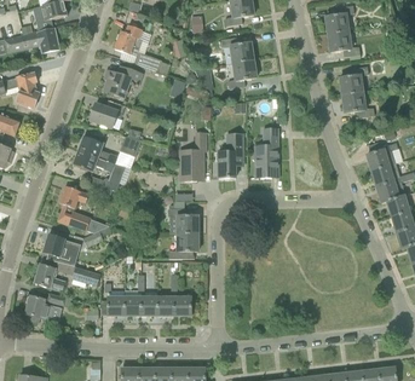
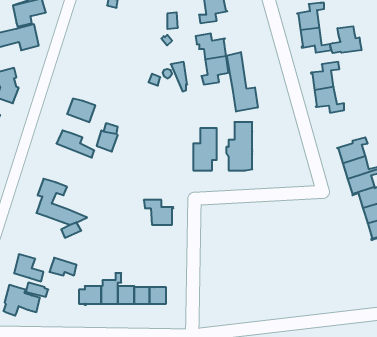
building: [115,24,162,70] -> none
building: none -> [330,26,361,53]
building: none -> [227,52,258,112]
building: [104,67,143,97] -> none
building: [180,131,207,180] -> none
building: [74,149,125,190] -> none
building: [169,232,198,258] -> none
building: [44,233,81,265] -> none

